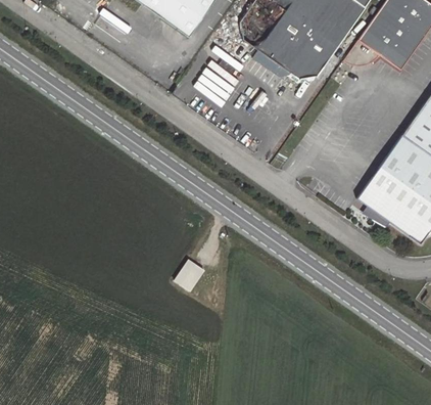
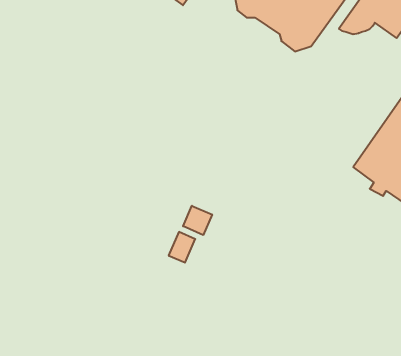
building: [252,49,285,78] -> none
building: none -> [183,206,212,235]

